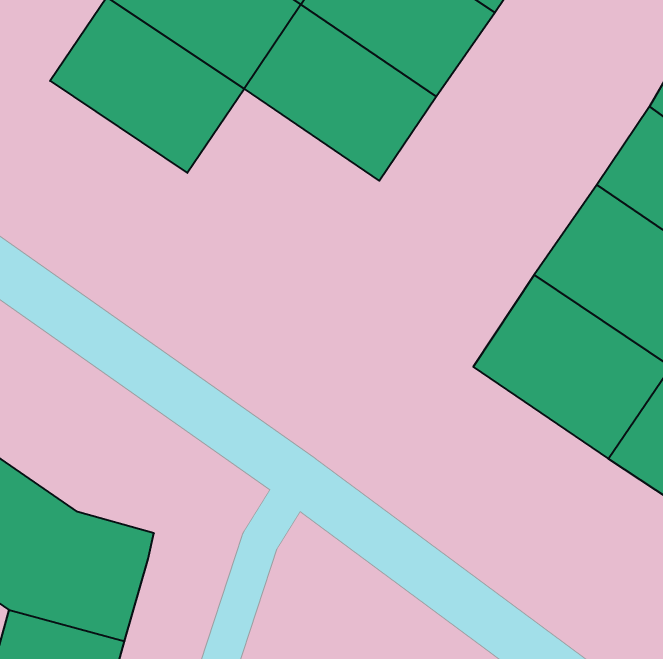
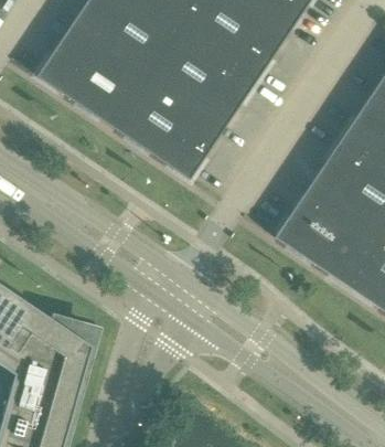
building: none -> [113,81,221,180]

